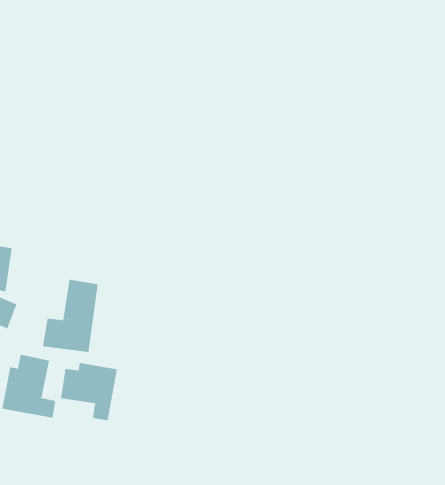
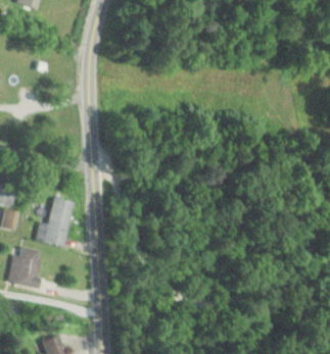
building: [61,362,117,421] -> none

